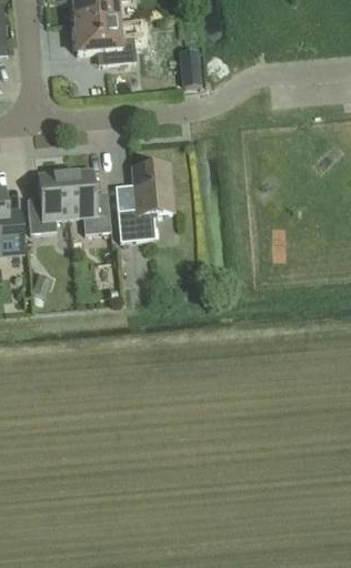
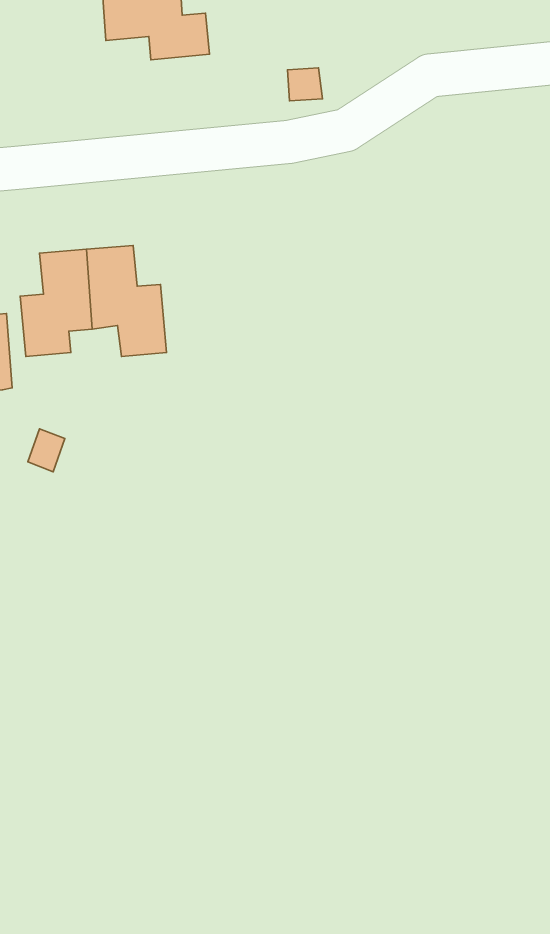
building: [118,162,172,240] -> none

